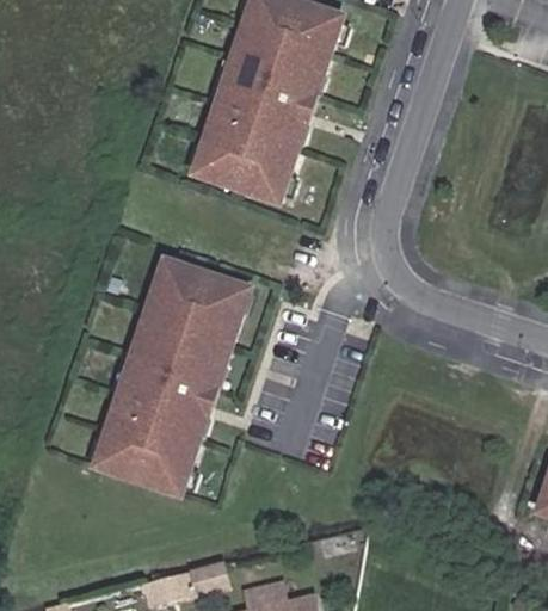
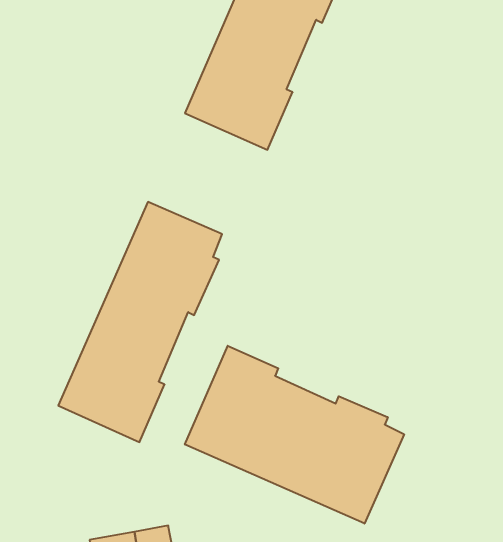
building: none -> [185,346,404,524]

